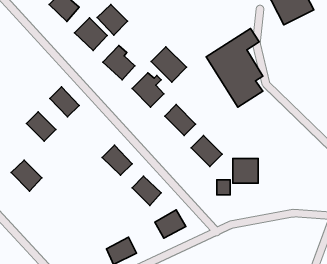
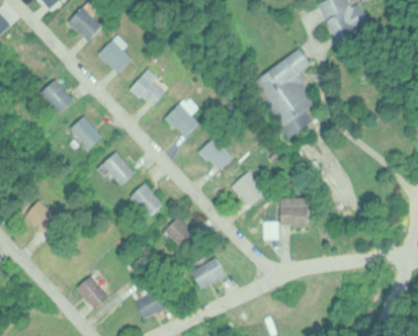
building: [97,4,127,35] -> none
building: [151,47,187,82] -> none
building: none -> [39,80,74,113]
building: [27,112,56,141] -> [100,153,134,186]
building: none -> [75,275,108,310]

